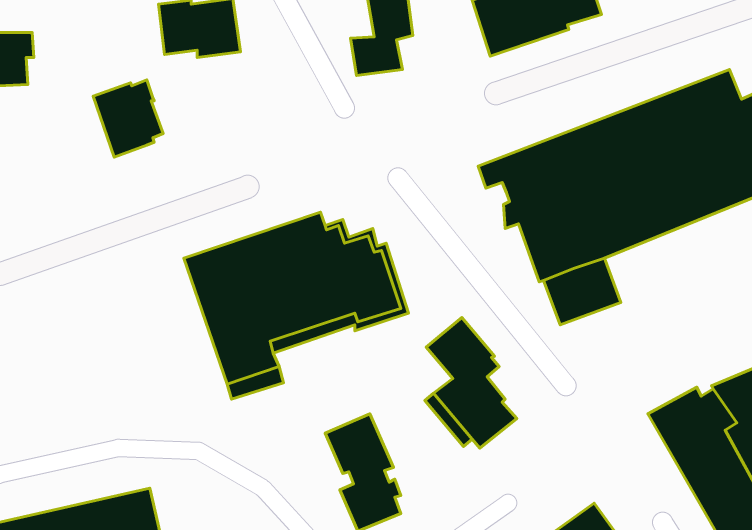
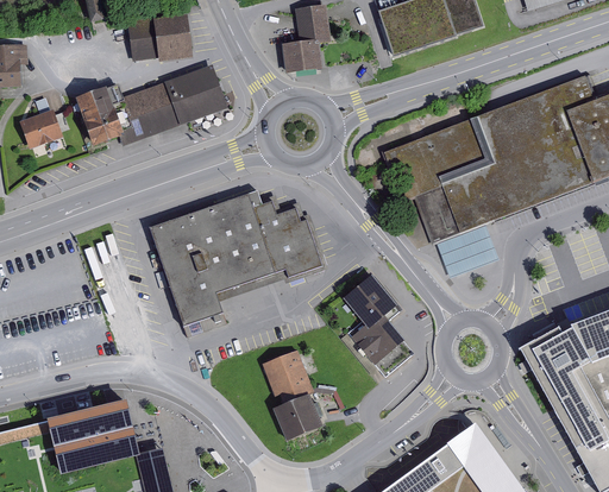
building: none -> [118,63,227,145]
building: none -> [18,108,62,149]

